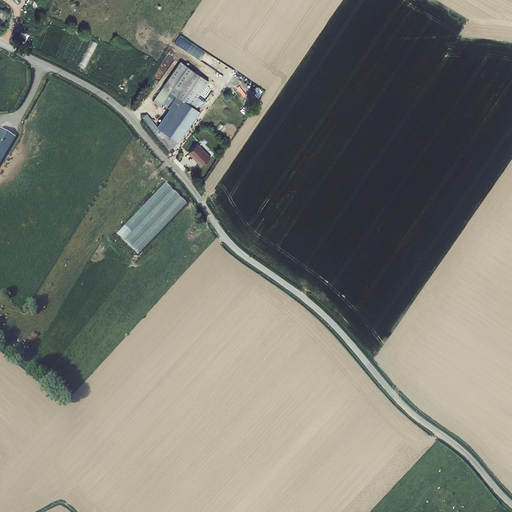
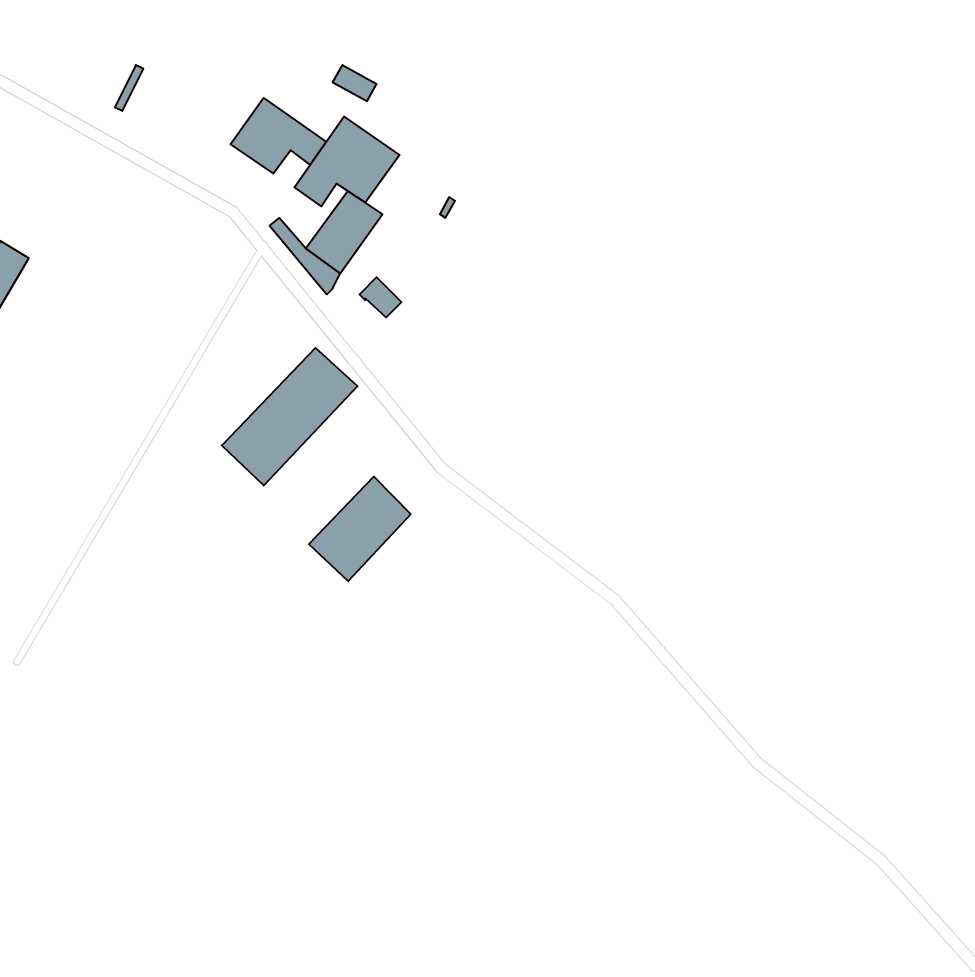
building: none -> [231,98,326,174]
building: none -> [309,477,411,581]

